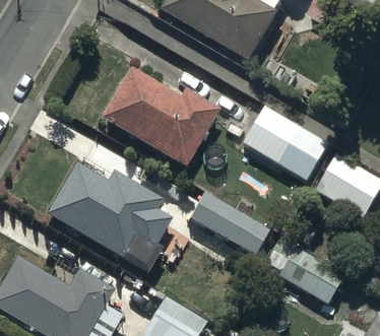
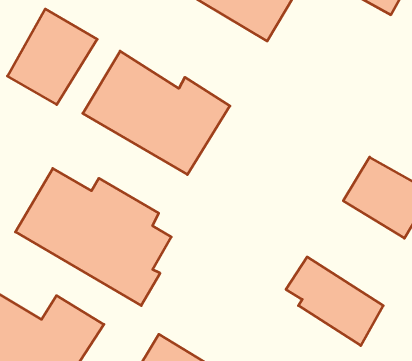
building: none -> [7,9,97,105]
building: [245,113,327,186] -> none
building: [189,190,269,255] -> none

